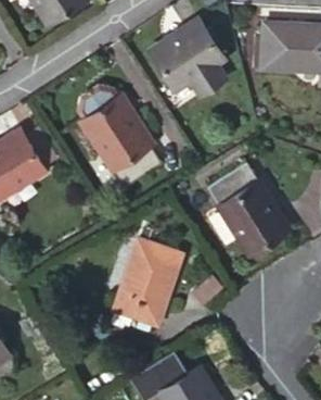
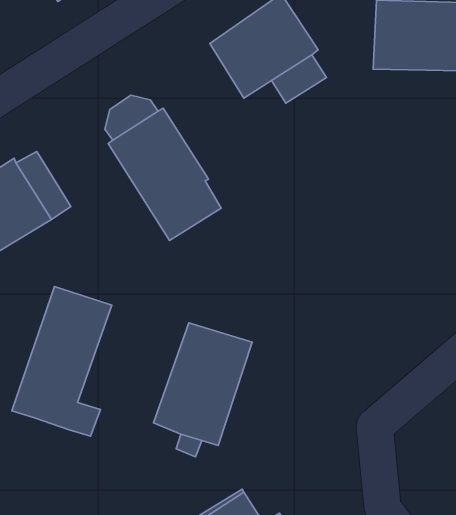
building: [209,164,287,254] -> none
building: none -> [12,286,112,436]

